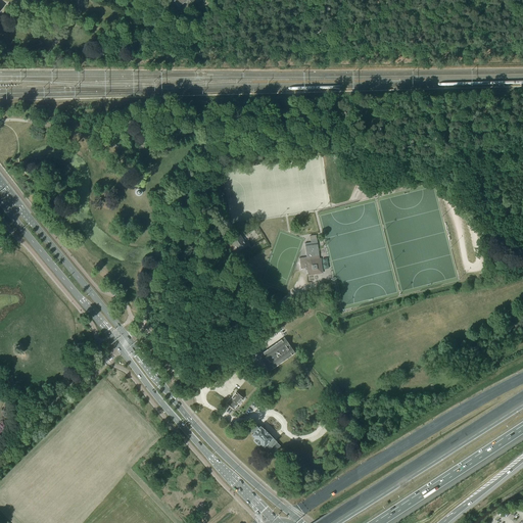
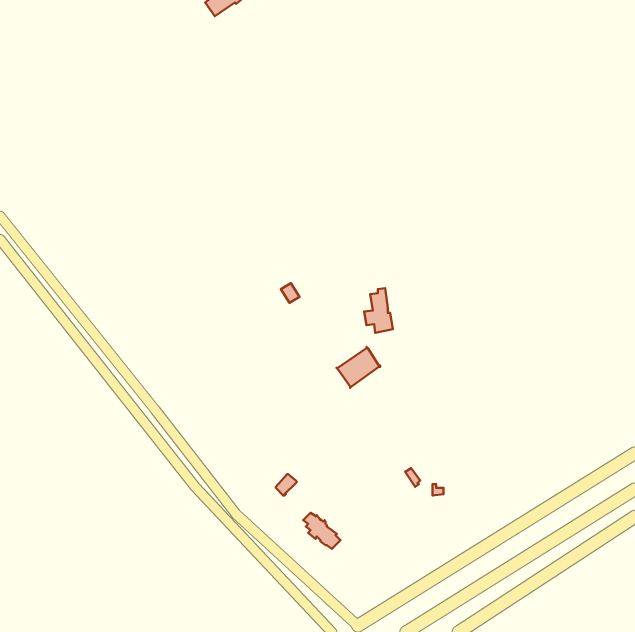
building: [259,335,295,369] -> [337,347,380,388]

